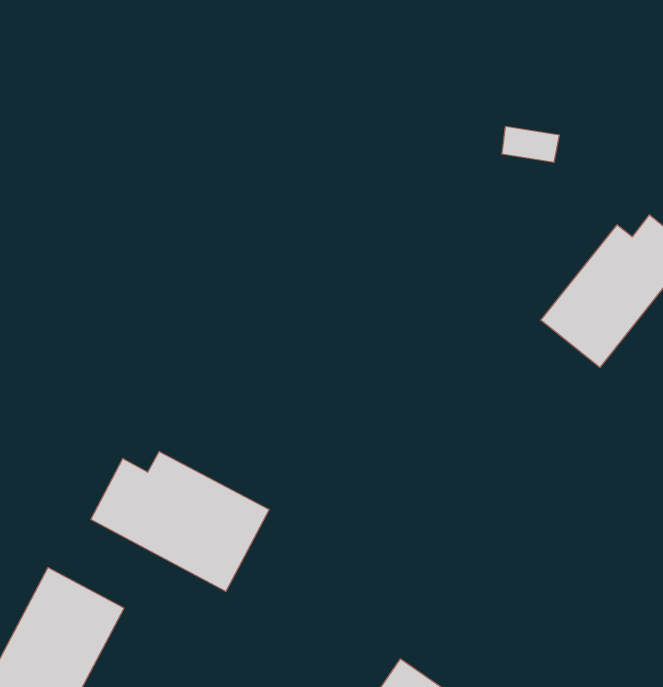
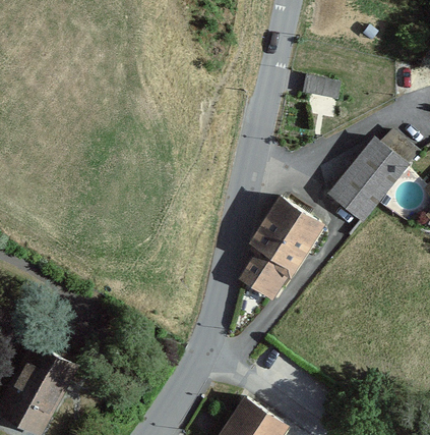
building: none -> [241,196,321,297]
building: [91,451,269,592] -> none

